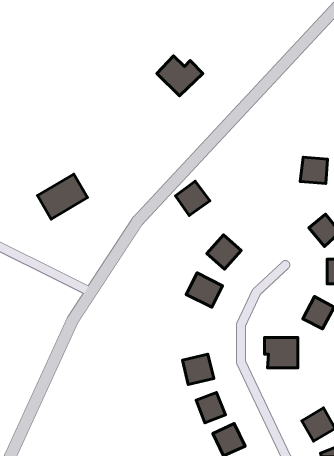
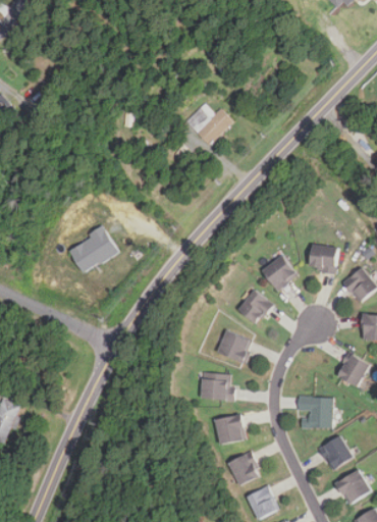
building: [300,157,328,183] -> [309,245,337,272]
building: [175,181,210,215] -> [262,255,298,291]
building: none -> [201,373,233,401]
building: none -> [320,436,354,470]

